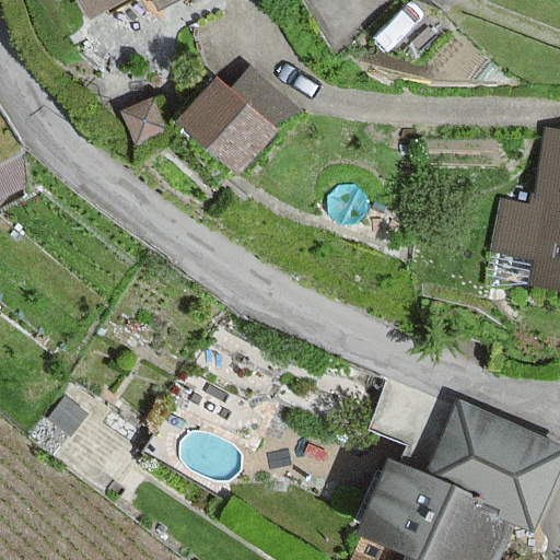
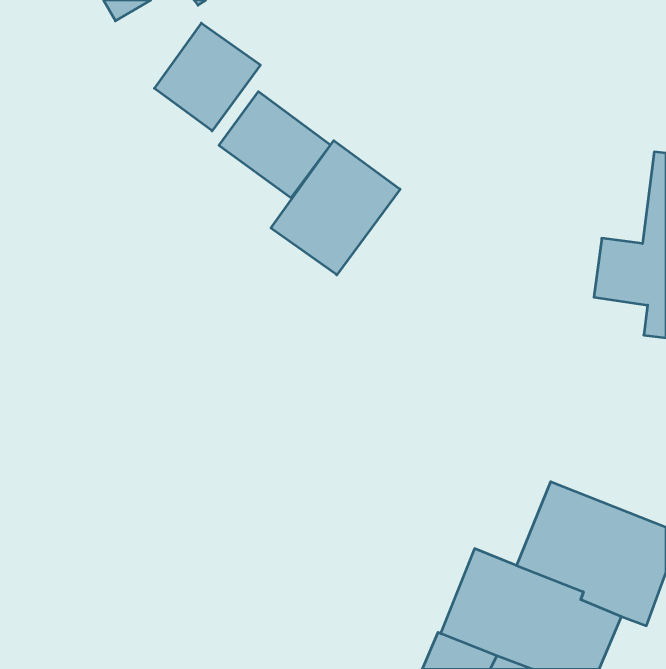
building: none -> [154,23,260,131]
building: none -> [271,141,400,275]

